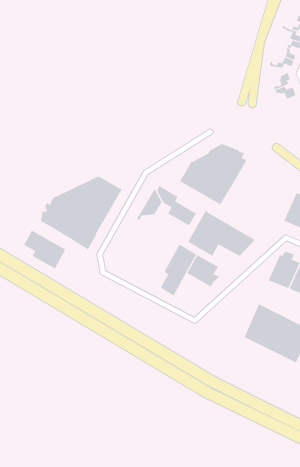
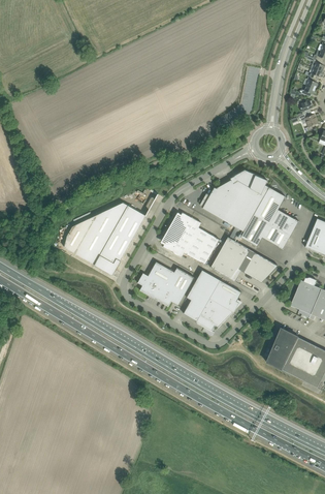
building: none -> [240,187,299,249]
building: none -> [163,228,213,265]
building: [24,230,66,269] -> none
building: none -> [138,261,194,307]
building: none -> [197,299,233,332]

